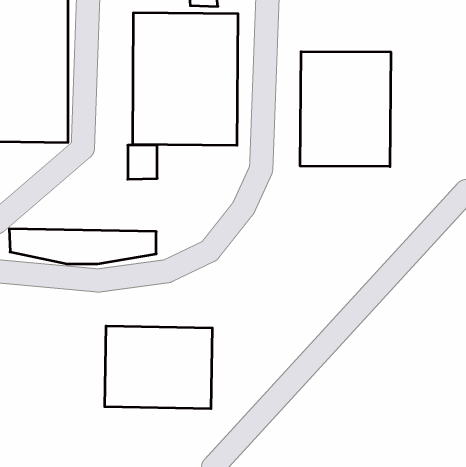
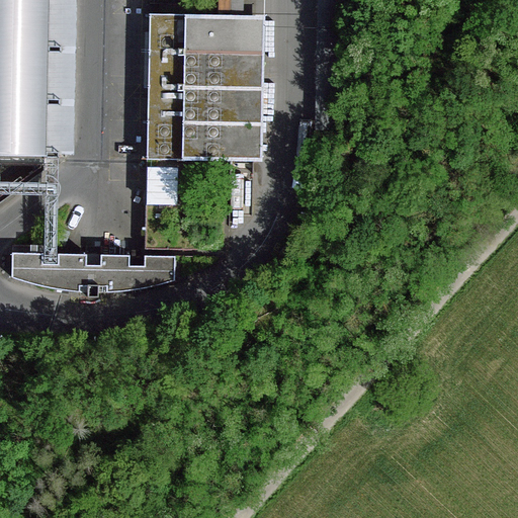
building: [300,52,391,167] -> none
building: [105,326,212,409] -> none

